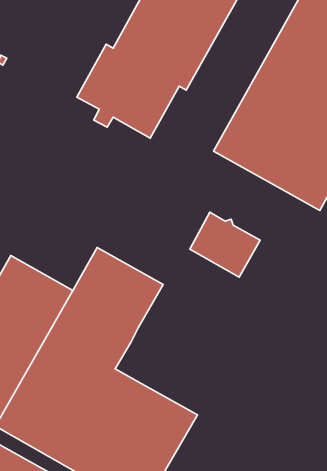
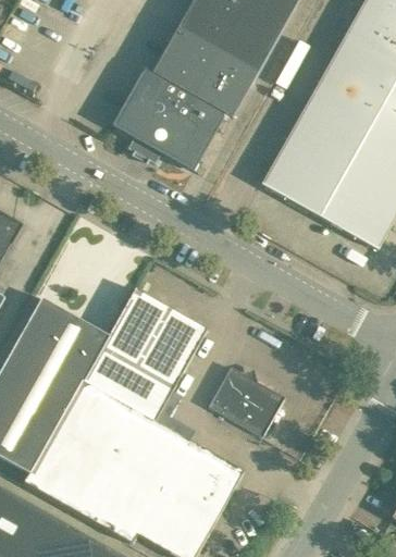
building: [190,212,260,277] -> [208,367,284,437]

